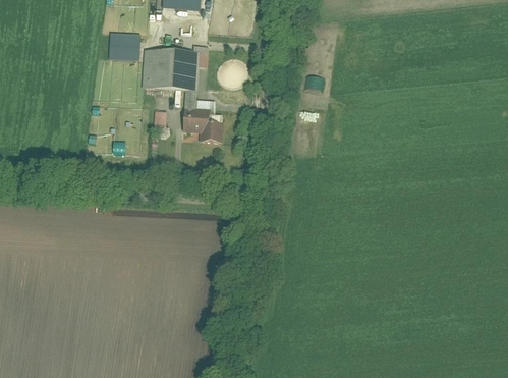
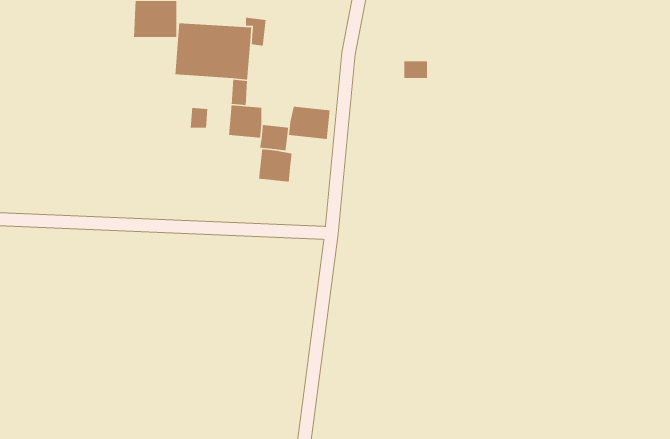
building: none -> [288,106,331,140]
building: none -> [258,149,292,182]

